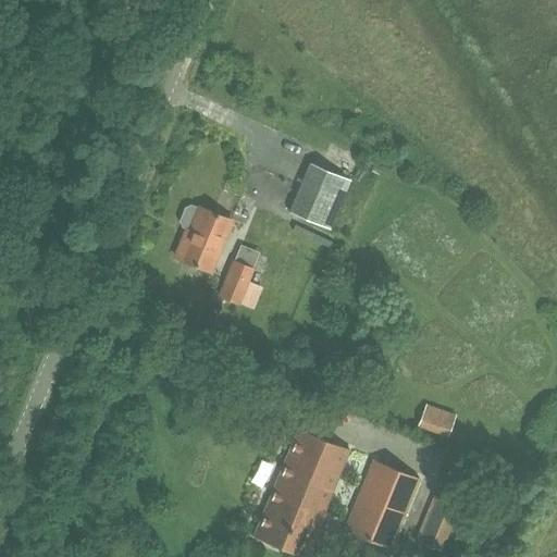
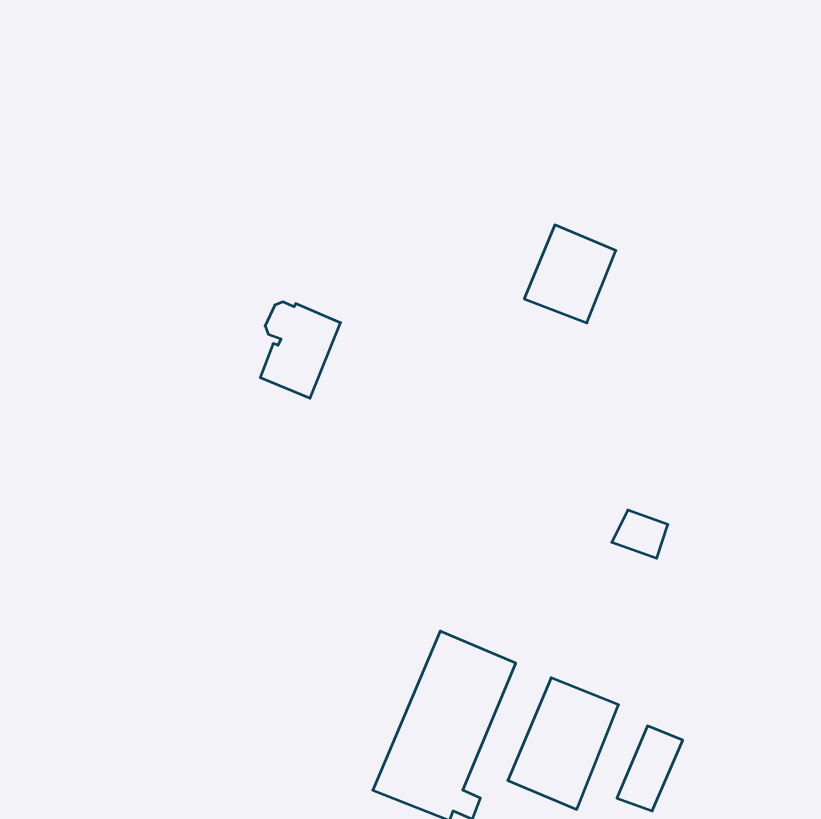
building: [289,163,351,230] -> [524,225,616,323]
building: [219,260,253,306] -> none
building: [417,405,455,437] -> [612,510,668,558]

